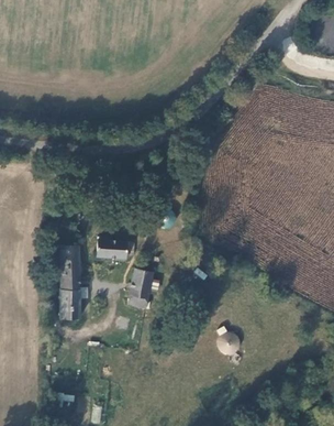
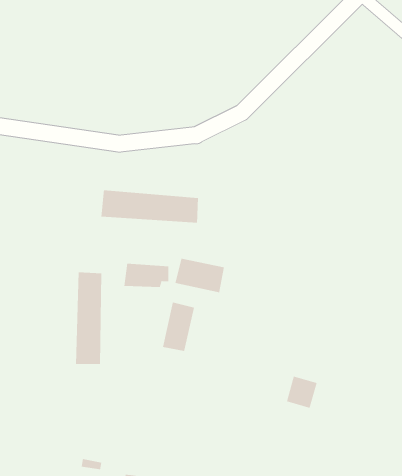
building: none -> [101,190,199,224]
building: none -> [175,258,224,293]

